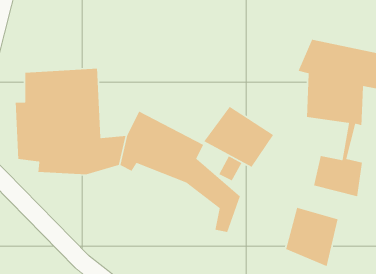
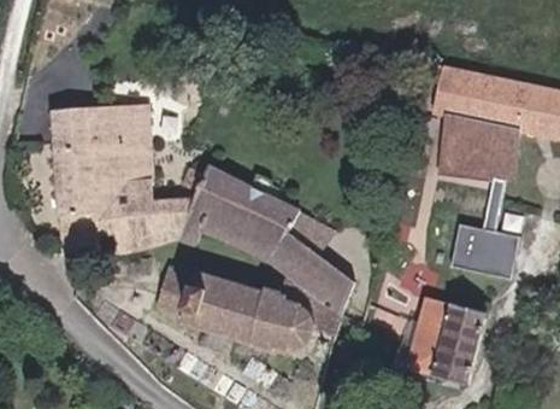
building: [203,106,274,168] -> none
building: none -> [142,258,312,344]

